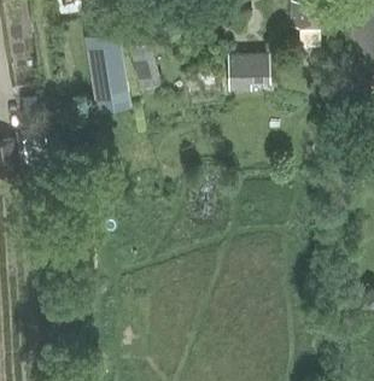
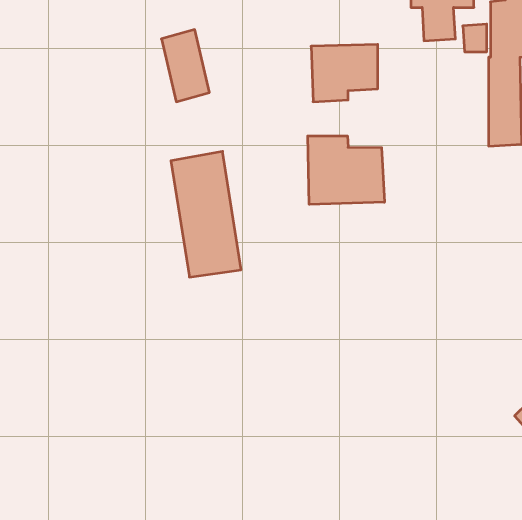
building: [84,30,130,112] -> [171,151,241,277]
building: none -> [308,136,384,204]

